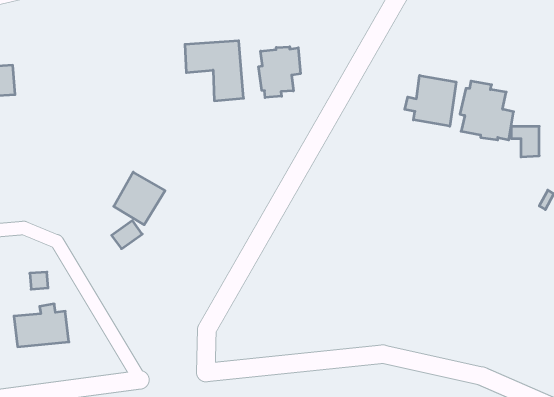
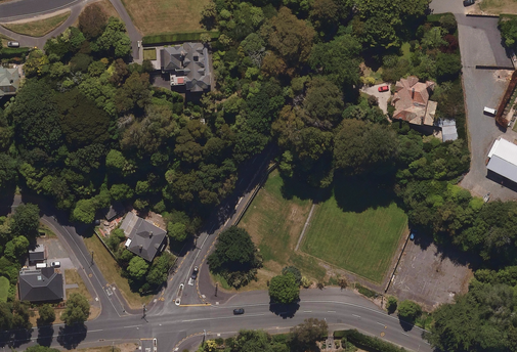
building: [259,47,300,98] -> none
building: [405,75,456,126] -> none
building: [114,172,165,225] -> [125,214,168,258]

